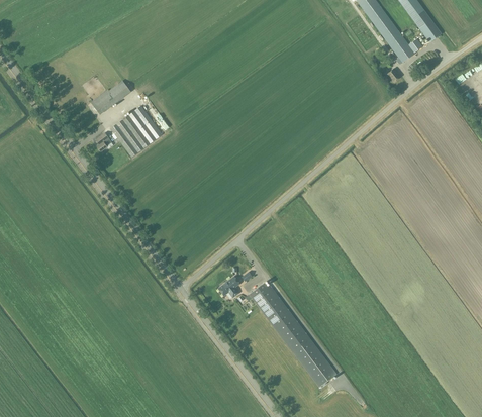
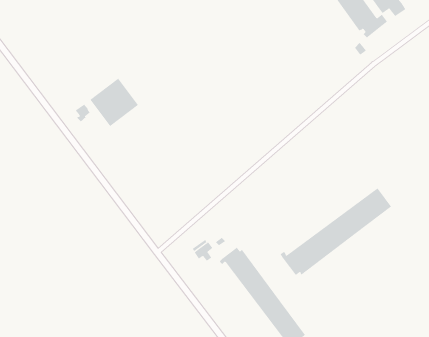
building: [92,79,131,113] -> none
building: none -> [280,188,392,276]

